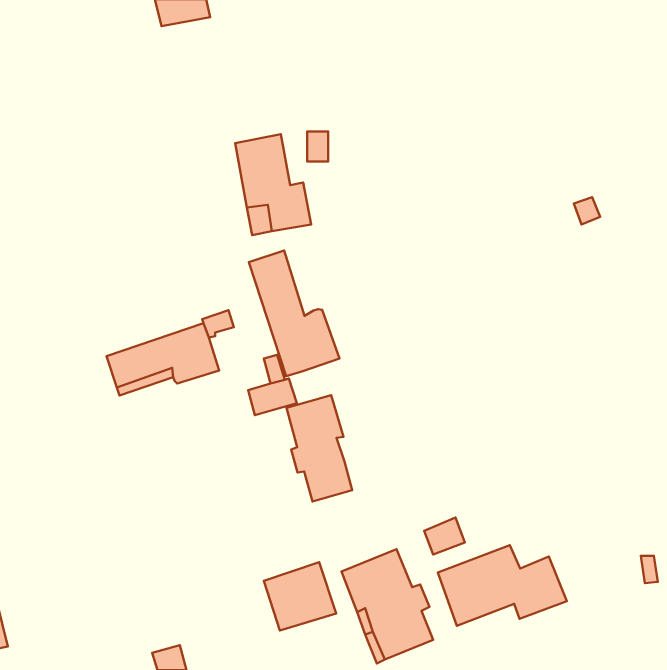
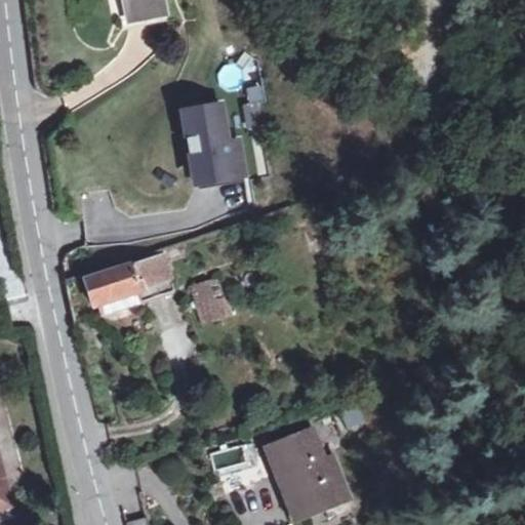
building: [249,250,339,376] -> none
building: [286,395,352,501] -> none
building: [438,545,567,626] -> none

